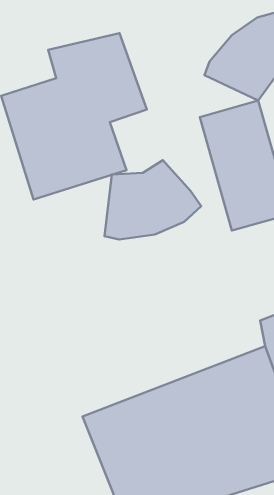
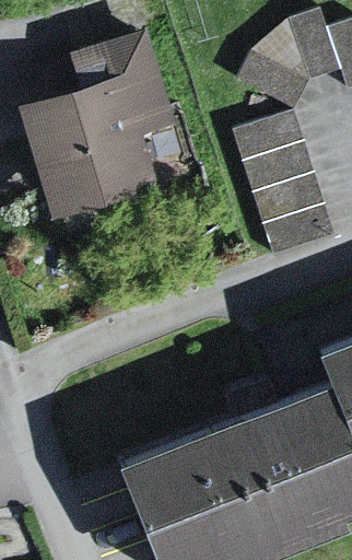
building: [105,160,201,240] -> none

